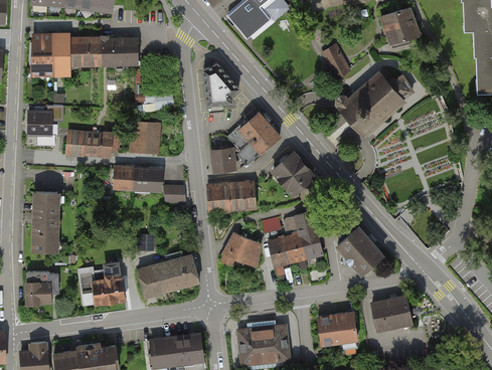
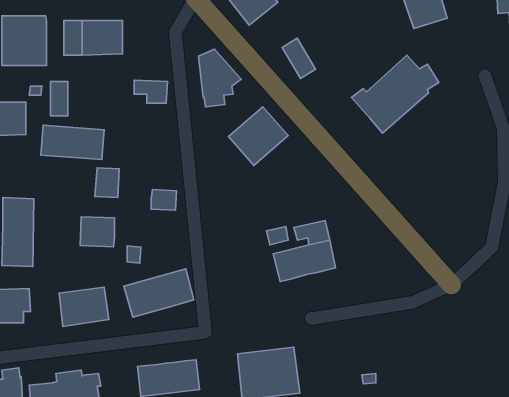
building: [69,37,85,67] -> [51,81,68,116]
building: [322,44,351,79] -> [282,38,315,79]
building: [129,122,160,155] -> none
building: [209,148,236,173] -> none
building: [272,151,313,193] -> none
building: [132,167,162,193] -> [80,217,115,247]
building: [206,181,256,213] -> none
building: [337,226,382,272] -> none
building: [218,232,261,268] -> none
building: [372,296,412,334] -> none
building: [316,313,357,349] -> none

